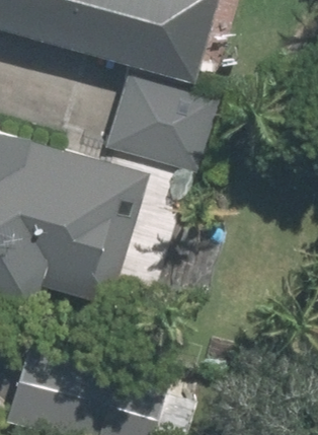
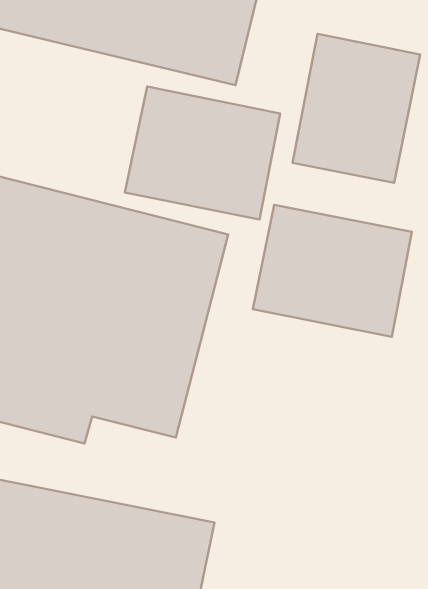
building: none -> [293,34,420,183]
building: none -> [253,205,412,337]

